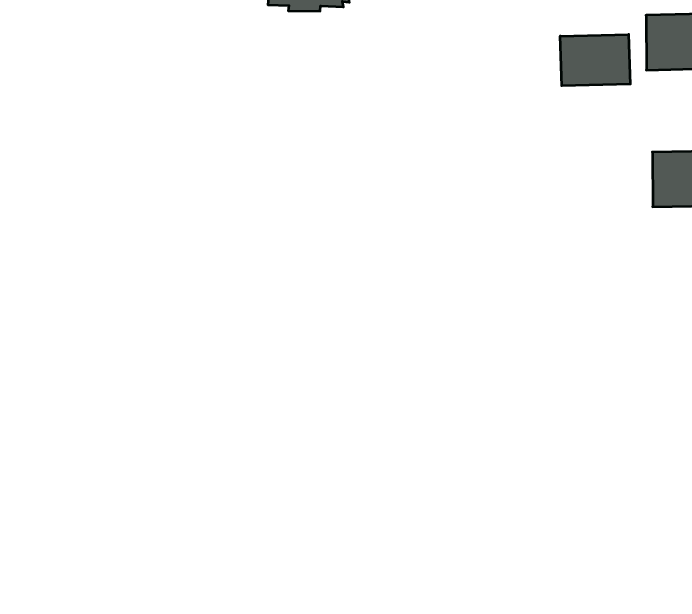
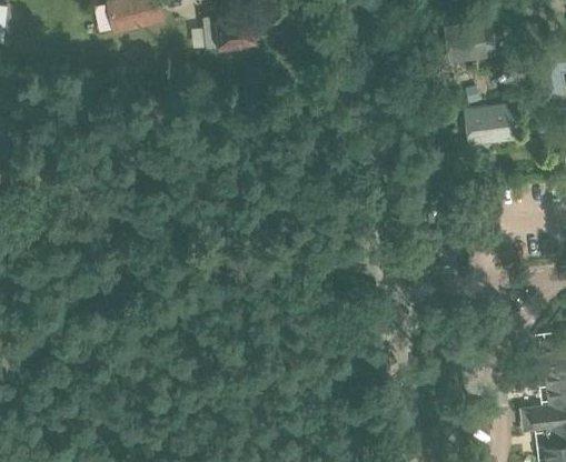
building: [560,34,630,86] -> none

